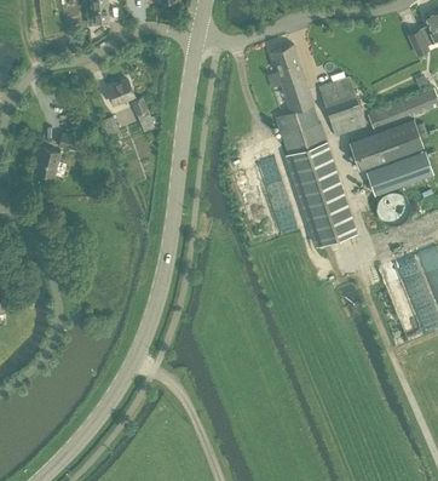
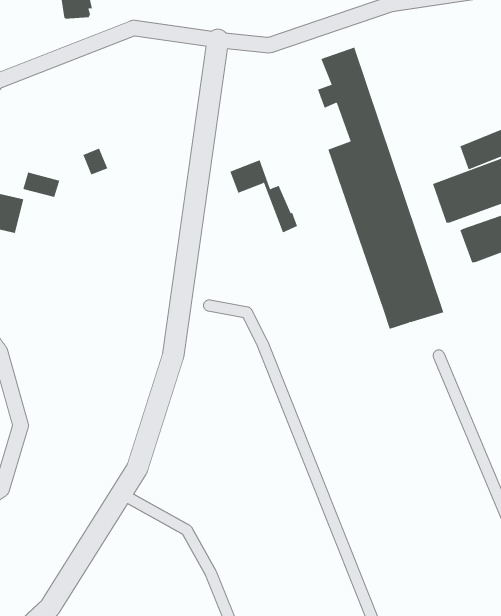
building: [317,76,364,136] -> none
building: [105,79,154,131] -> [229,159,298,233]

